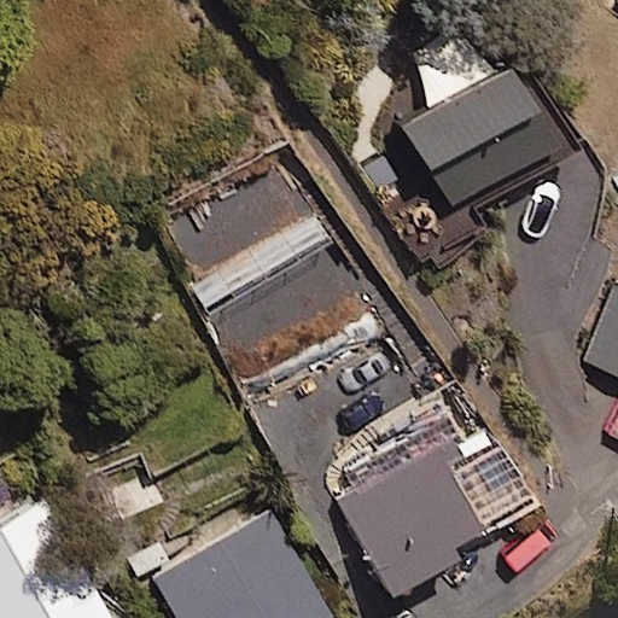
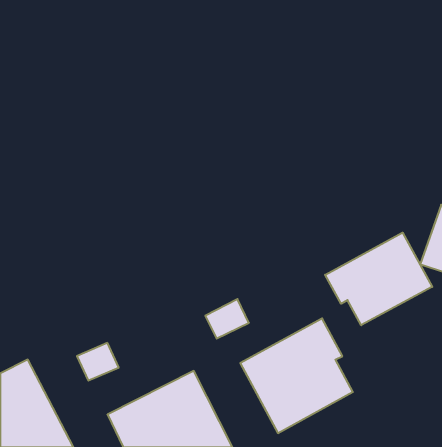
building: [393,19,552,214] -> none
building: none -> [325,233,432,325]

